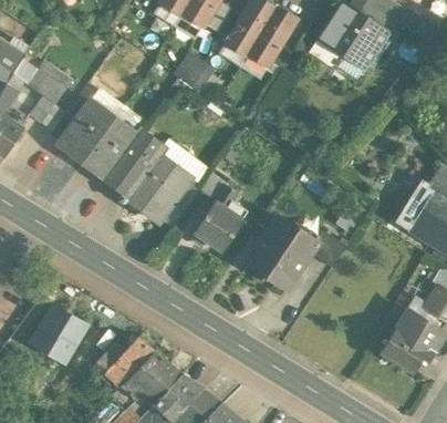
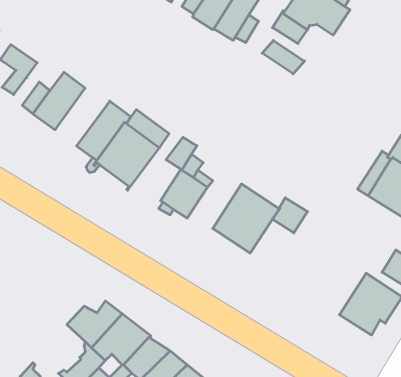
building: [178,48,217,85] -> none
building: none -> [262,40,305,74]
building: [83,116,137,176] -> none
building: [32,309,85,365] -> none

